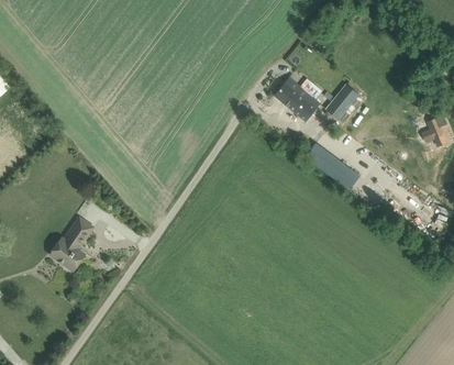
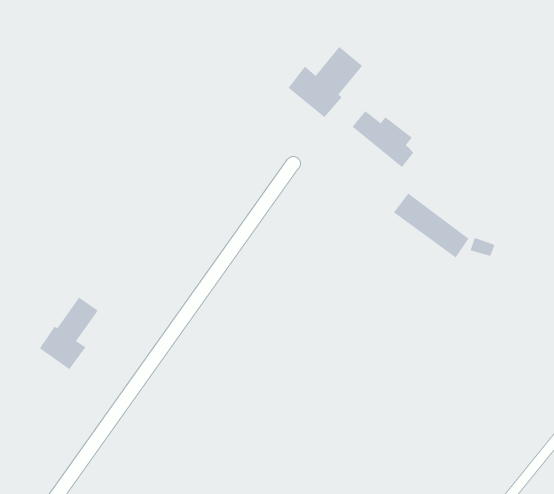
building: none -> [288,46,363,118]
building: [324,85,358,121] -> none

